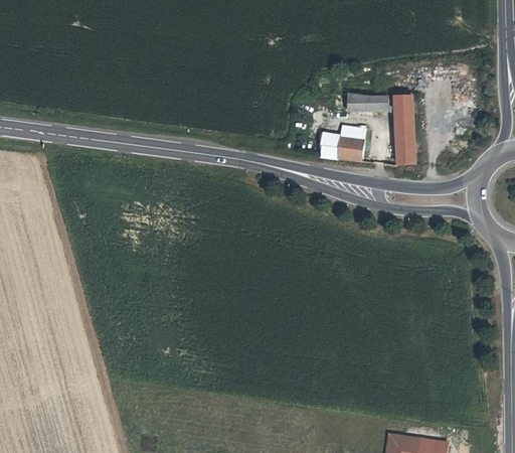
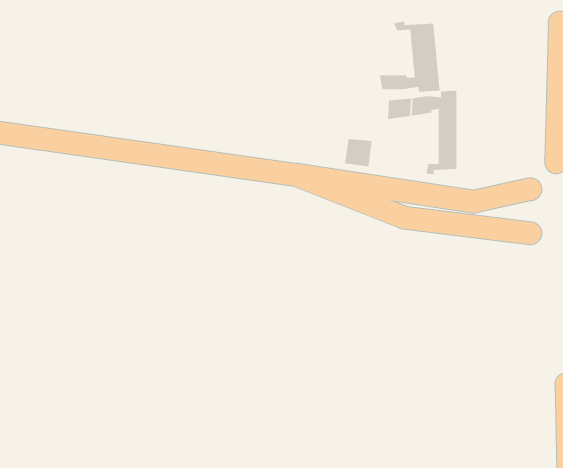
building: none -> [379,21,440,92]
building: [336,135,362,160] -> none

